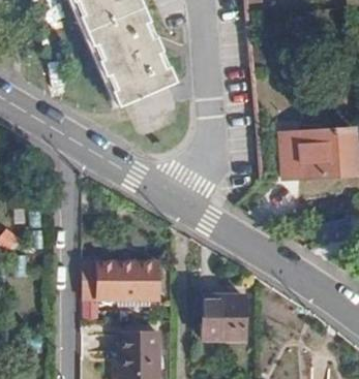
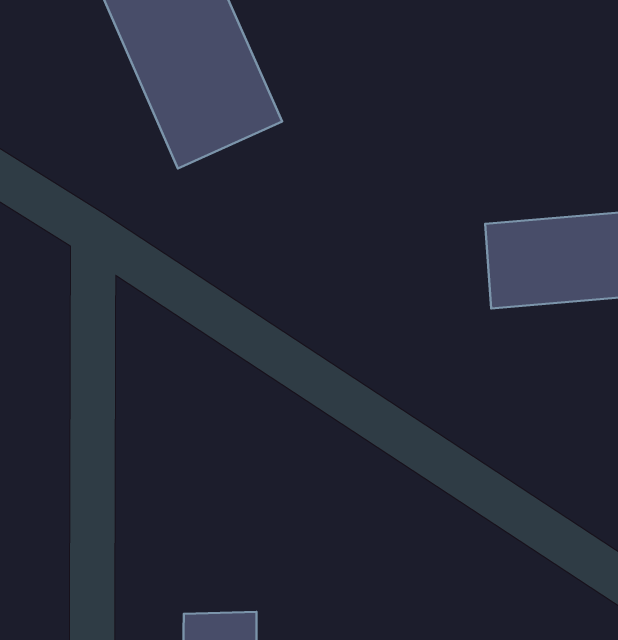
building: [98,264,157,301] -> none
building: [203,295,245,341] -> none

